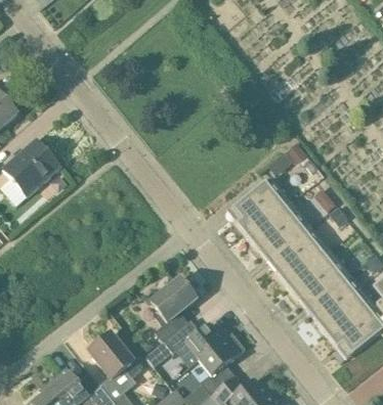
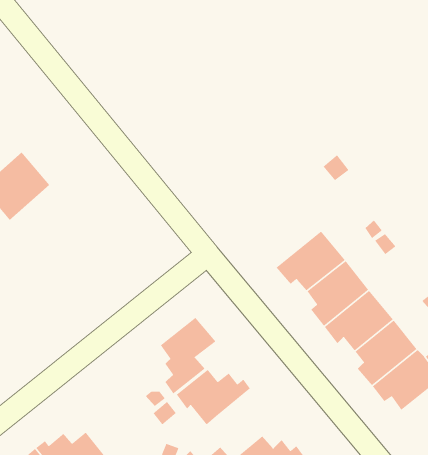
building: [232,179,285,235] -> none
building: [88,333,140,380] -> none
building: [198,335,243,375] -> none

